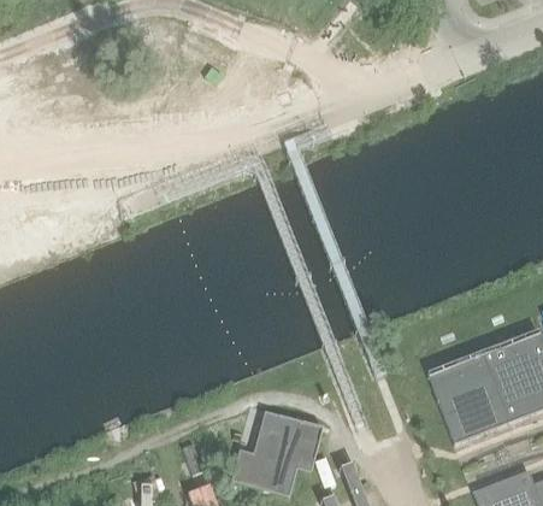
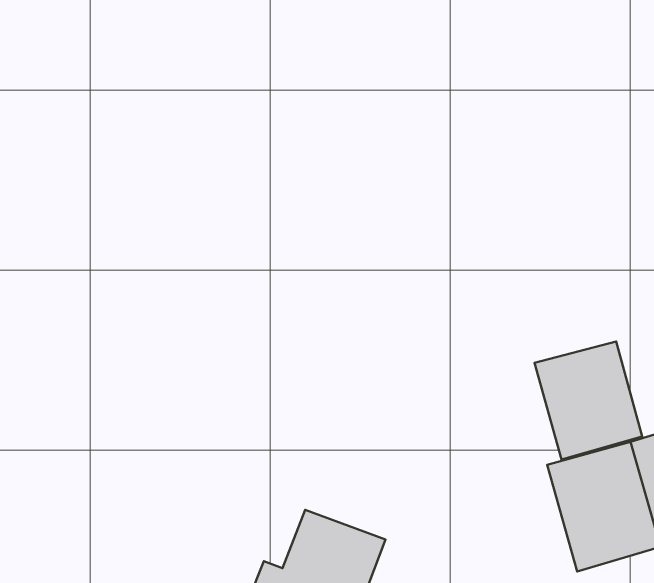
building: none -> [535,341,642,459]

